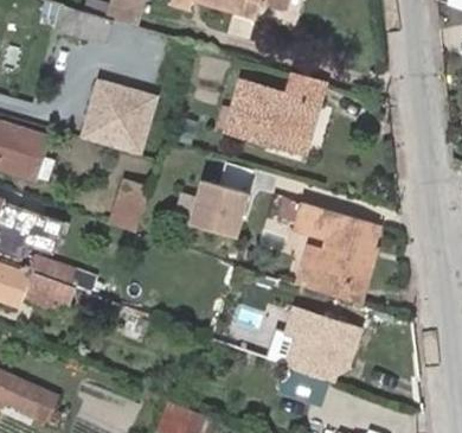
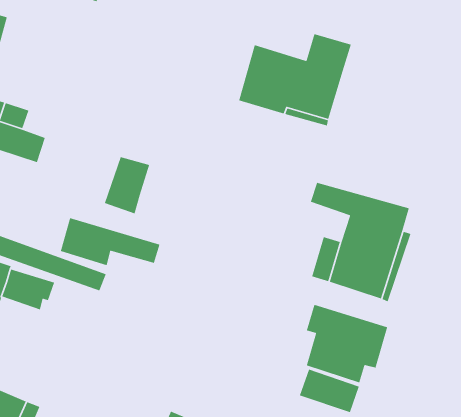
building: [78,78,159,158] -> none
building: [187,182,250,241] -> none
building: none -> [60,217,160,266]

